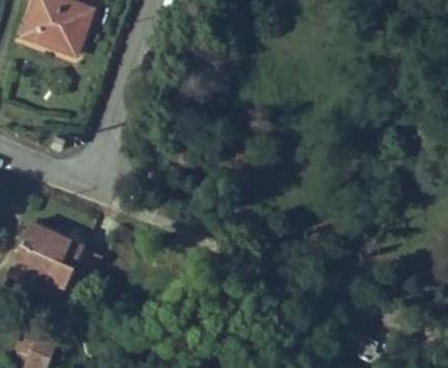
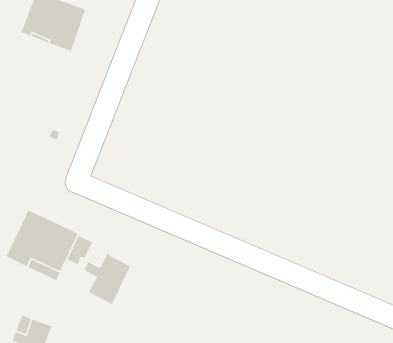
building: none -> [83,253,131,305]

